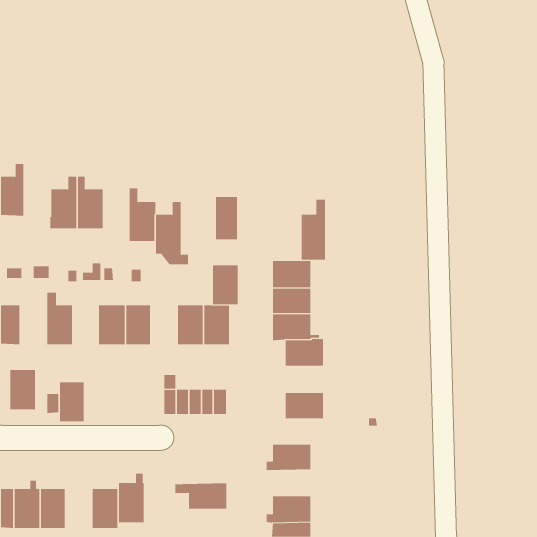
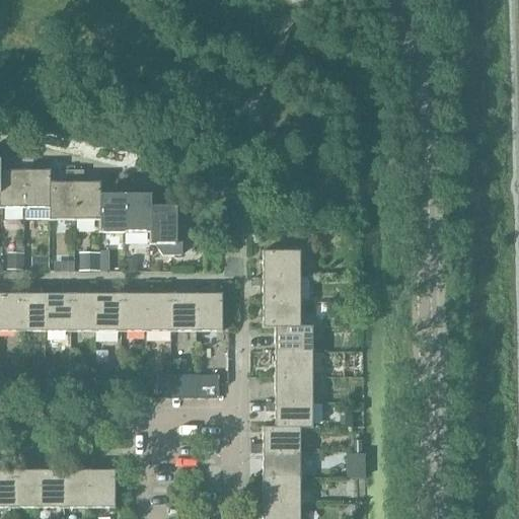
building: none -> [25,157,51,220]
building: [216,196,238,240] -> none
building: [301,199,326,261] -> none
building: none -> [100,194,126,232]
building: [212,265,238,305] -> [147,293,172,331]
building: none -> [269,352,313,377]
building: [9,370,36,410] -> [21,293,47,331]
building: [59,382,84,422] -> [72,293,96,331]
building: none -> [270,402,313,428]
building: [118,473,145,523] -> [65,460,90,508]
building: [175,483,227,509] -> [250,451,301,476]

